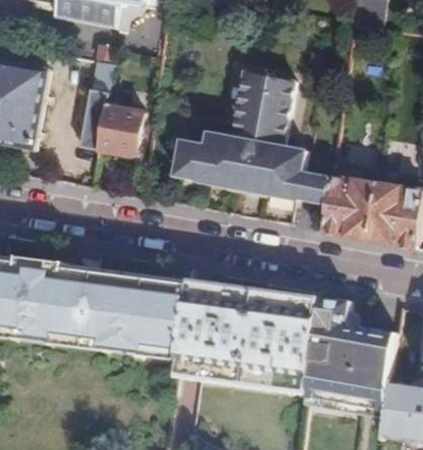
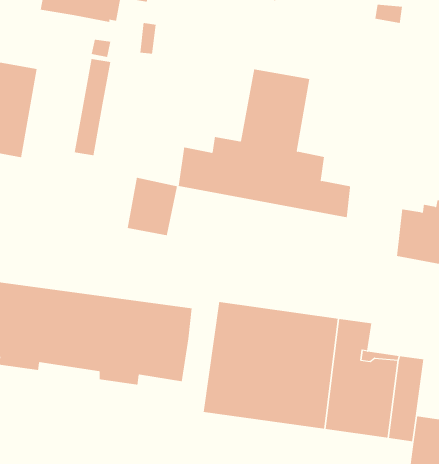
building: [98,102,144,155] -> [127,177,178,236]
building: [322,177,375,239] -> none
building: [174,278,210,380] -> none

